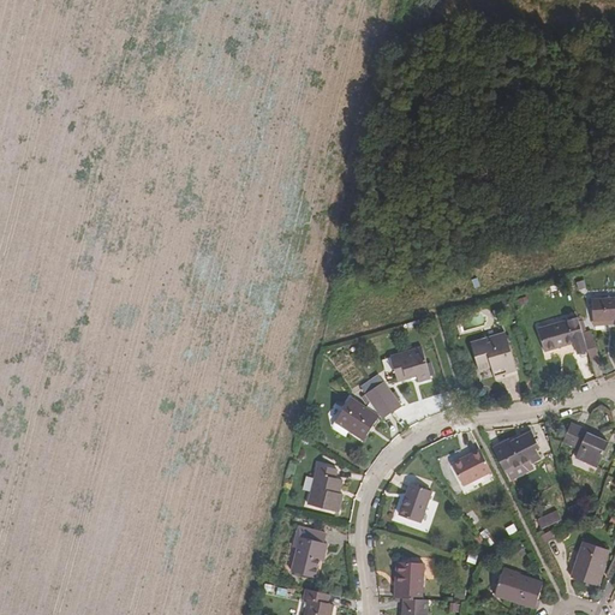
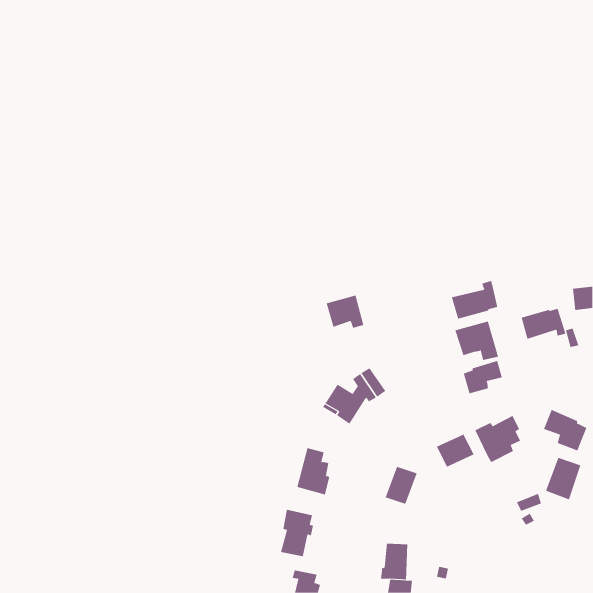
building: none -> [451,280,498,320]
building: [389,346,429,381] -> [326,295,364,329]
building: none -> [463,360,503,394]
building: [569,541,607,585] -> [545,457,581,500]
building: [492,568,541,607] -> none

